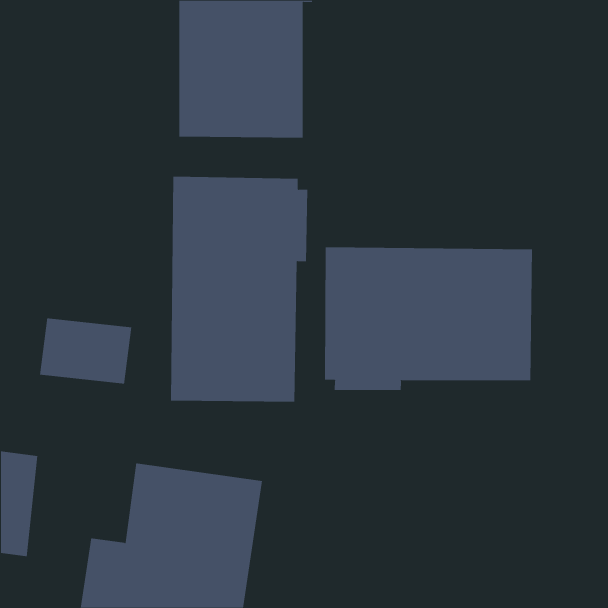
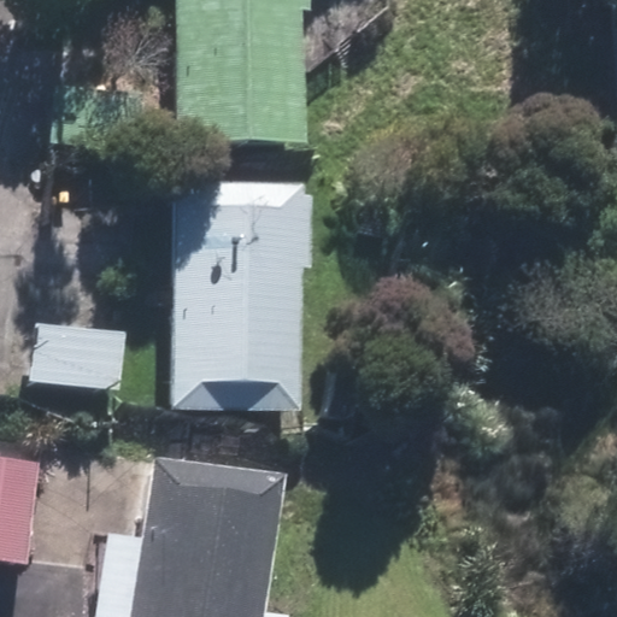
building: [325,247,532,391] -> none

